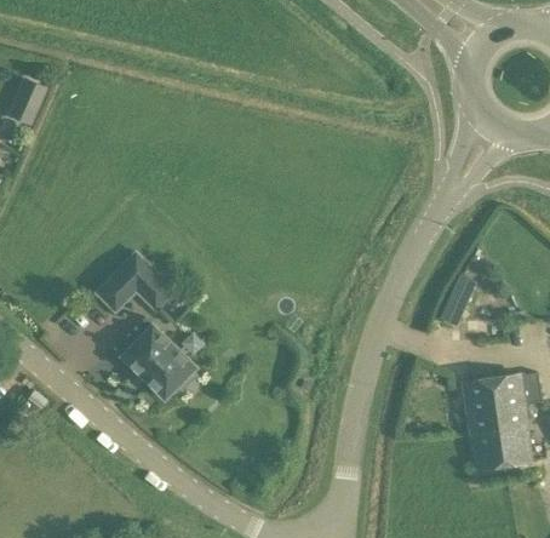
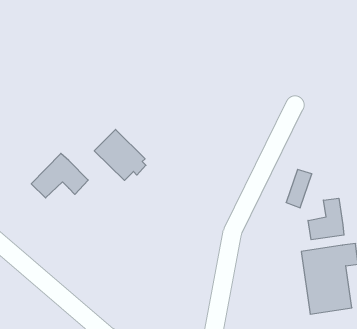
building: none -> [308,198,344,240]
building: [122,327,193,396] -> [94,129,146,180]

